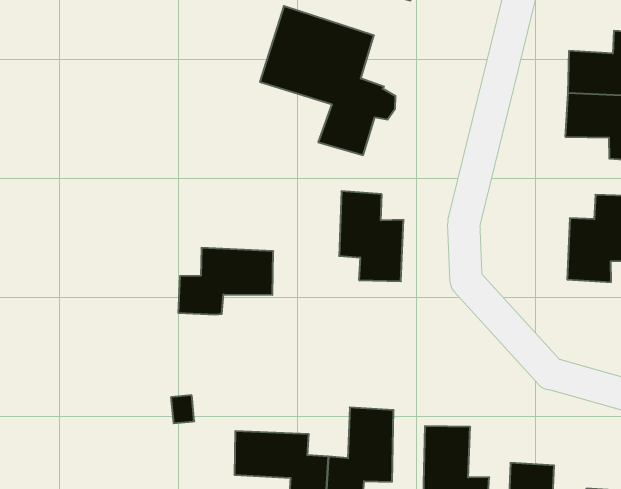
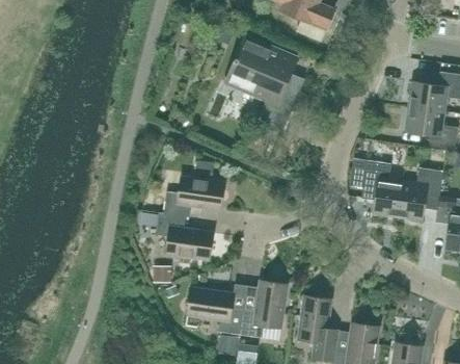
building: [339,191,404,281] -> [361,160,402,217]
building: none -> [156,213,213,260]

